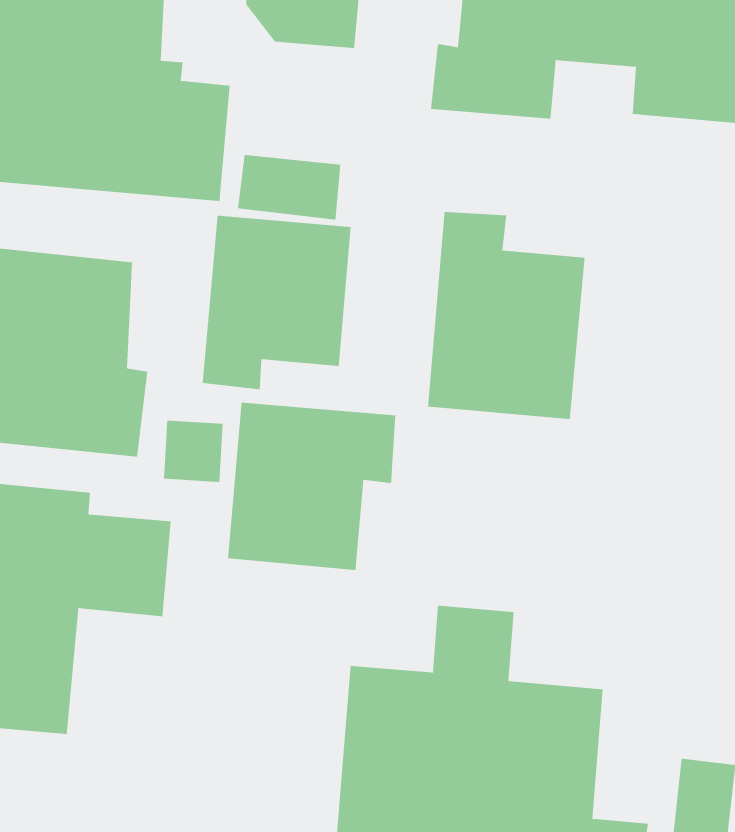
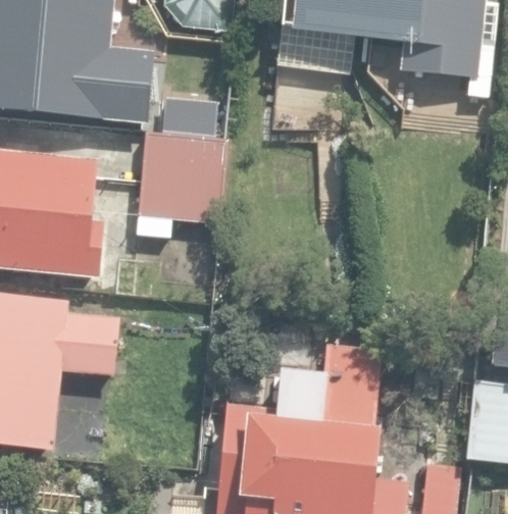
building: [428,211,585,420] -> none
building: [228,402,396,571] -> none

